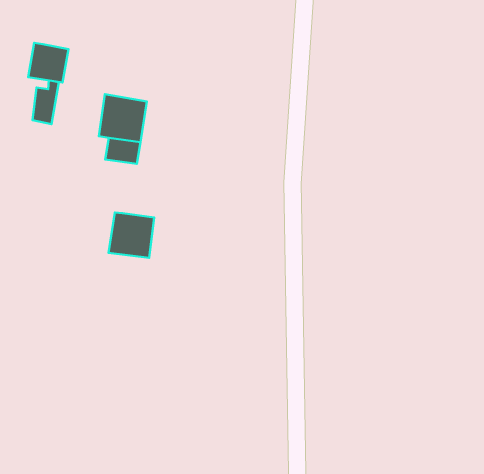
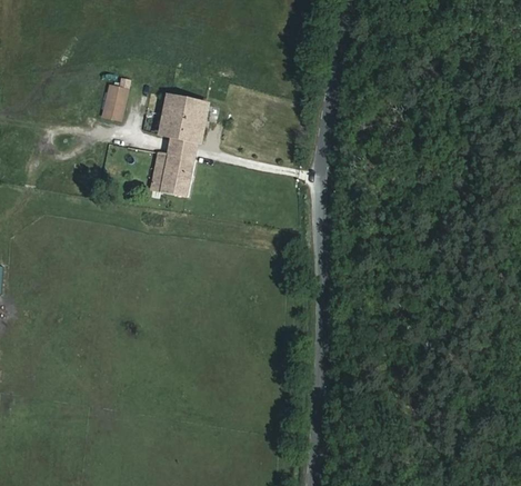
building: [28,43,68,82] -> none
building: [109,212,154,258] -> [150,152,192,195]

